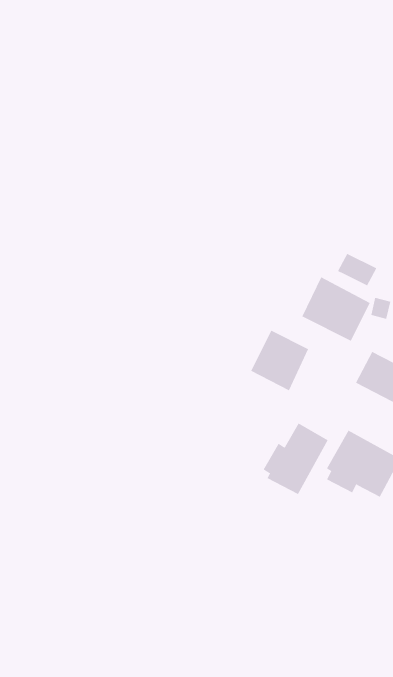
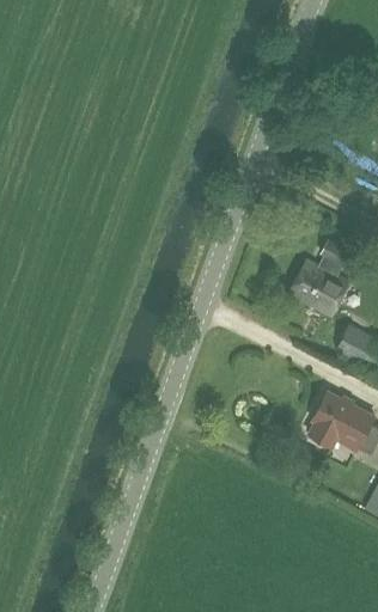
building: [250,330,309,391] -> none
building: [263,423,328,495] -> none

